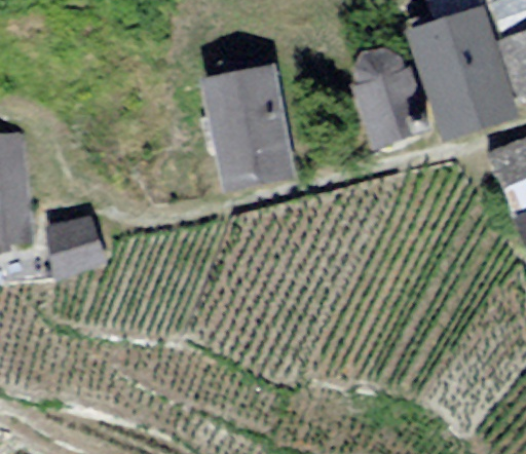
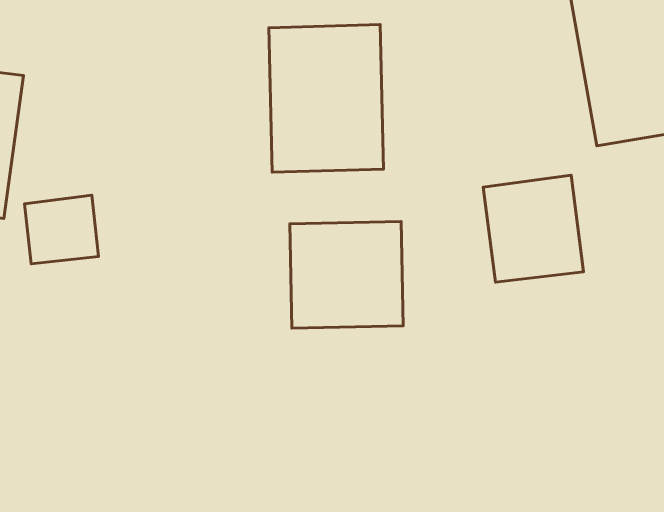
building: [348,61,427,144] -> [483,175,583,282]
building: none -> [290,221,403,328]

